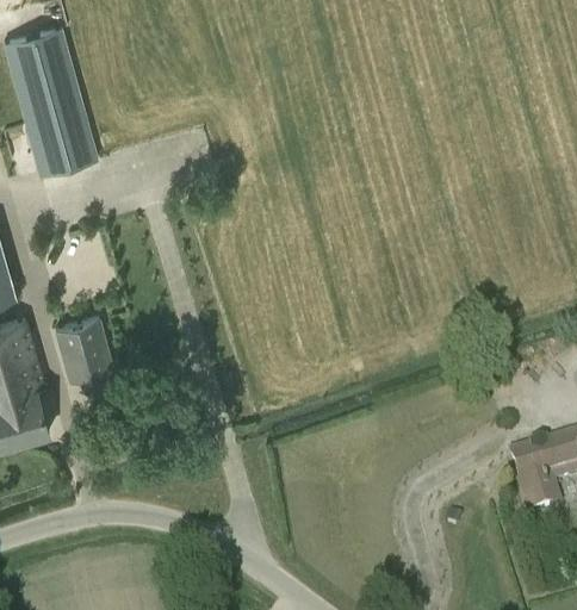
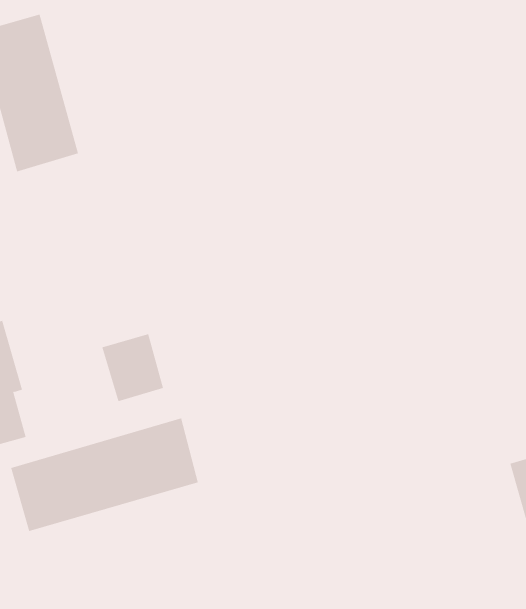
building: [52,313,112,379] -> [102,333,164,402]
building: none -> [10,418,199,532]

